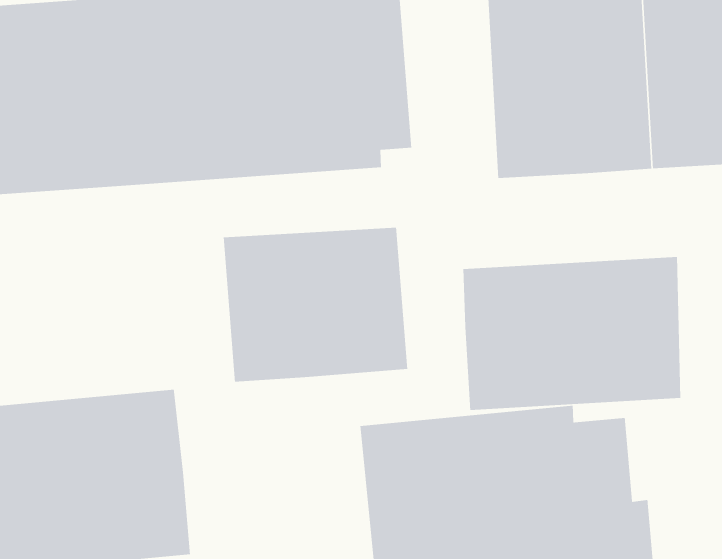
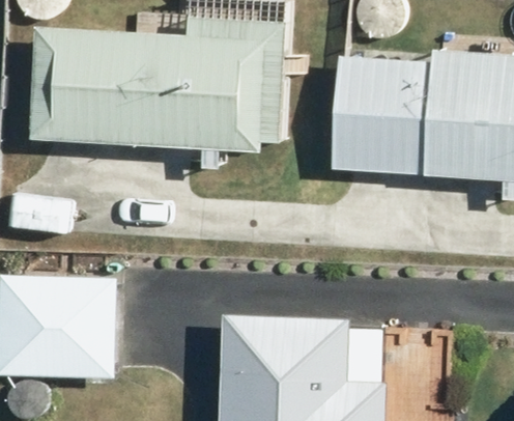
building: [223,227,408,382] -> none
building: [462,256,681,411] -> none

